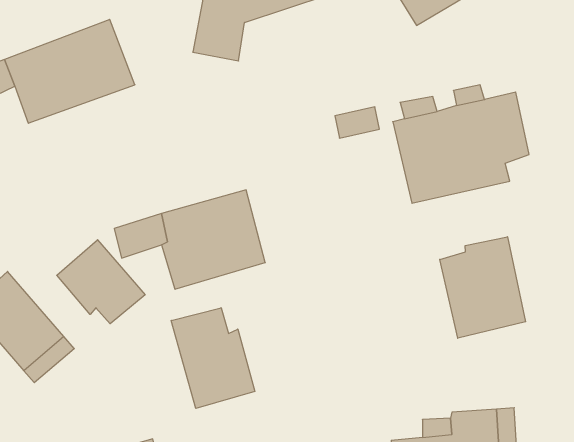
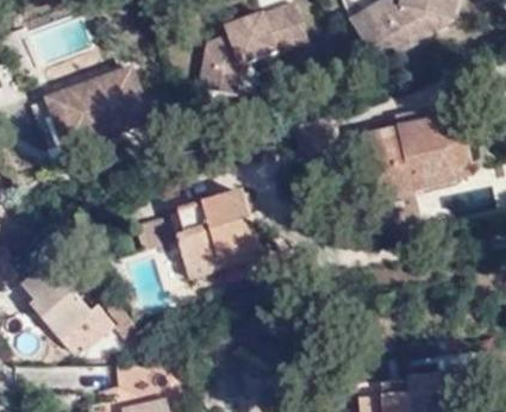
building: [440,237,526,338] -> none
building: [57,240,145,324] -> none
building: [171,308,255,408] -> none

